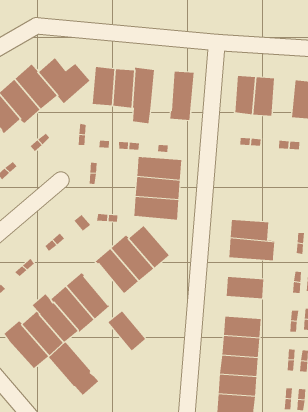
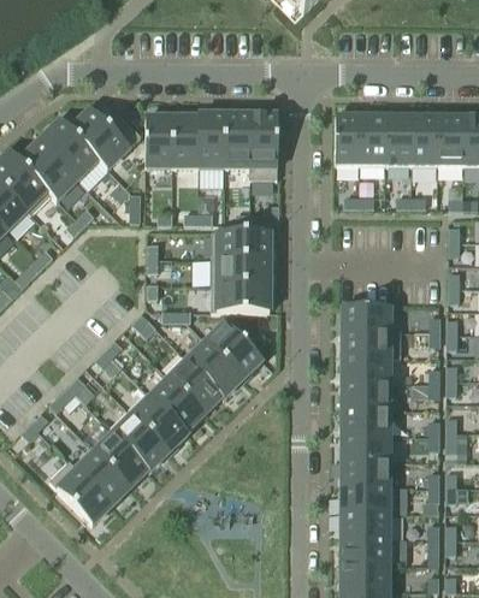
building: none -> [224,114,250,167]
building: none -> [385,114,412,165]
building: none -> [341,356,401,381]
building: none -> [341,408,390,434]
building: [107,310,146,351] -> [150,377,203,431]
building: [48,342,99,396] -> none

